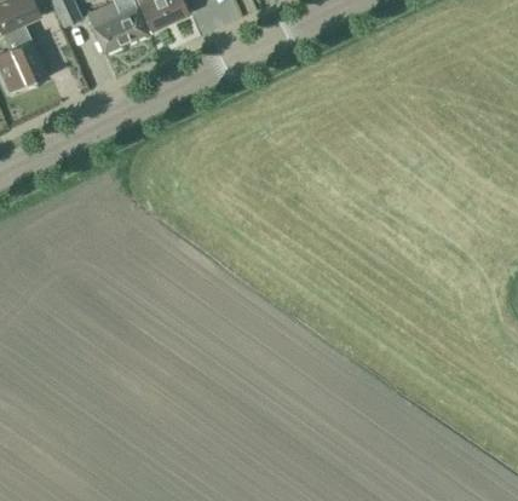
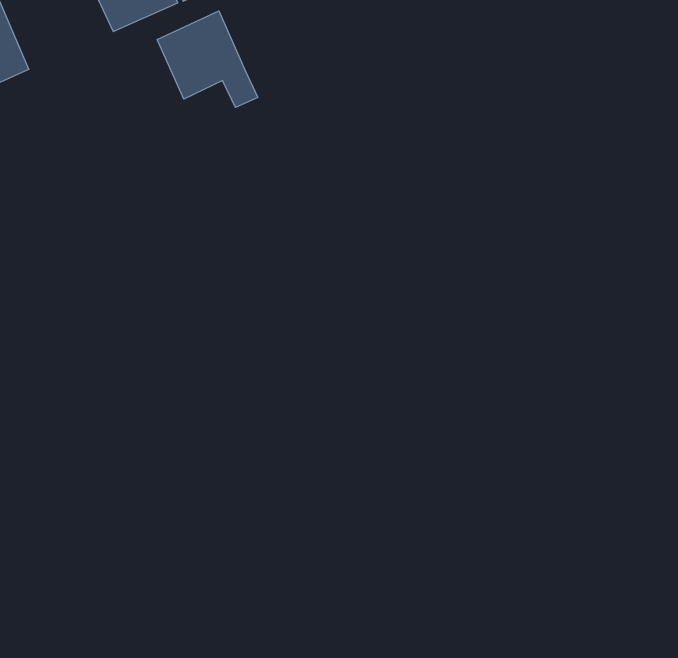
building: none -> [157,11,258,107]

